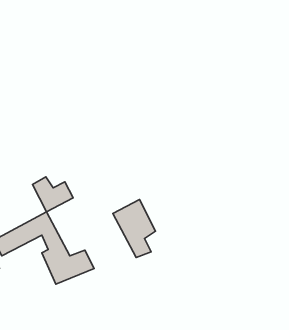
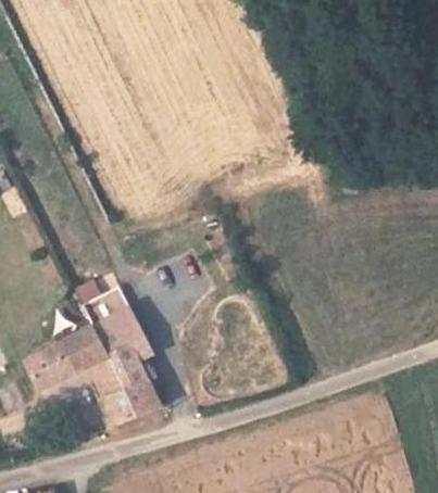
building: [113,199,155,258] -> [96,308,151,384]

